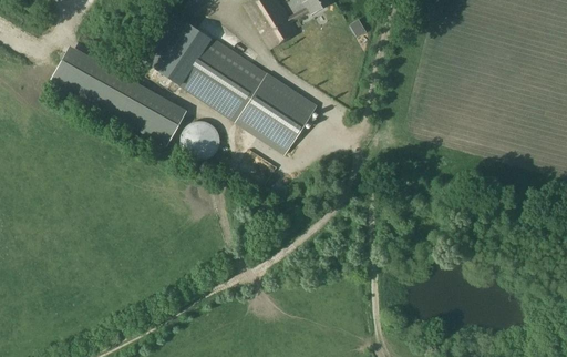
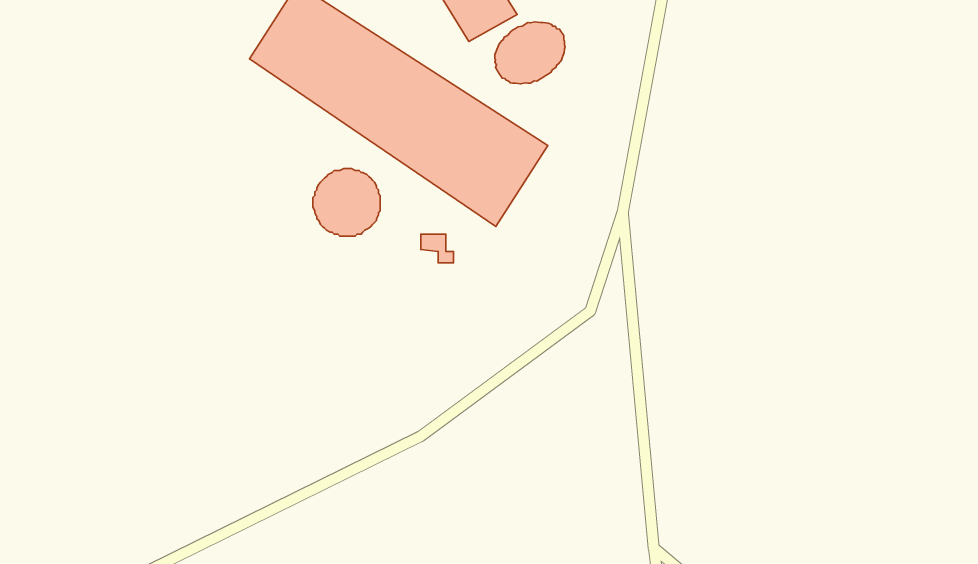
building: none -> [495,22,565,84]
building: [50,45,187,146] -> none

